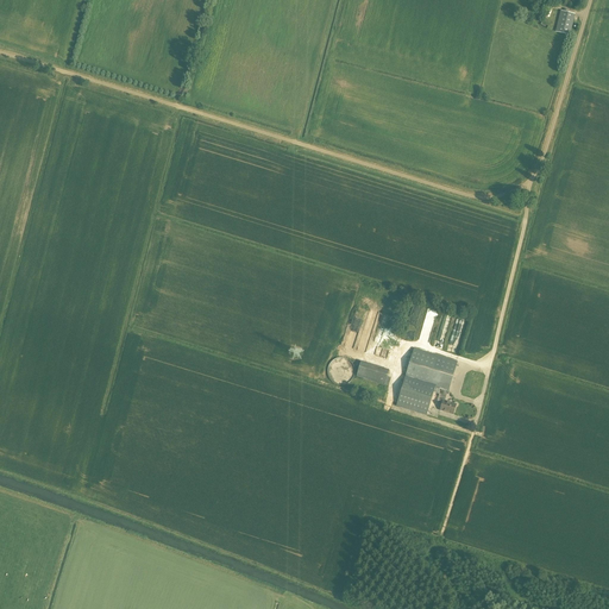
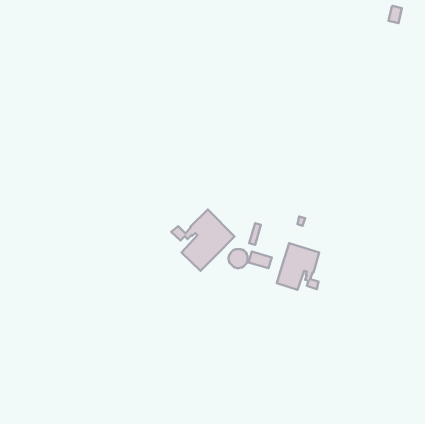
building: none -> [171,210,235,271]

